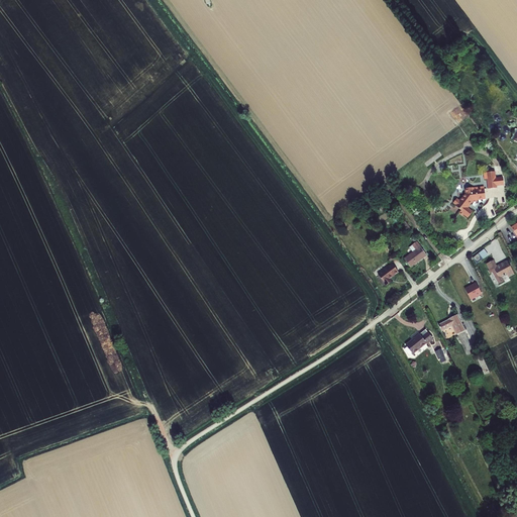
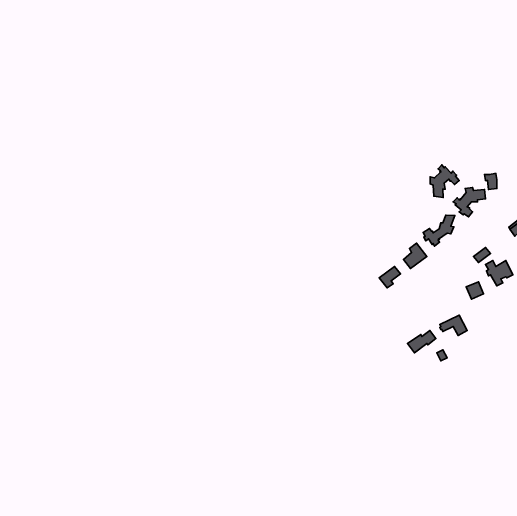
building: none -> [430,165,459,197]
building: none -> [423,215,455,246]

